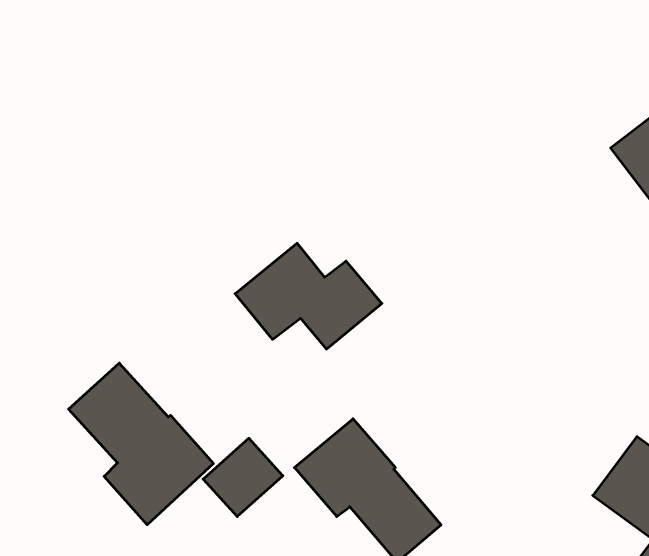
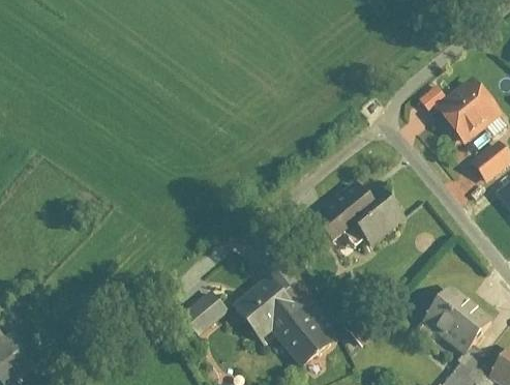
building: [235,243,382,349] -> [314,181,408,248]
building: [69,363,213,525] -> none

